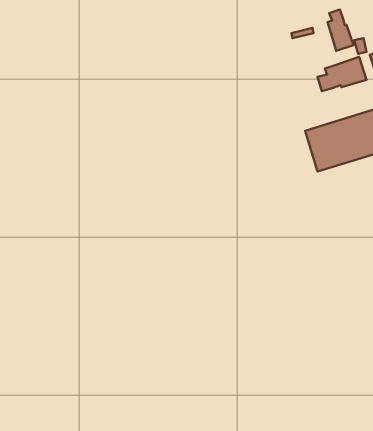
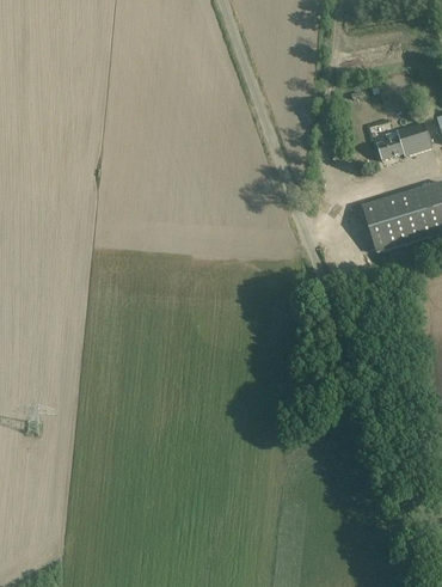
building: [327,9,353,51] -> none

